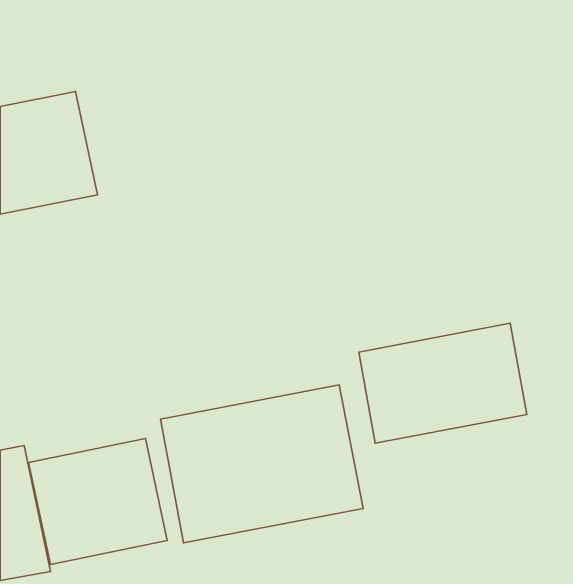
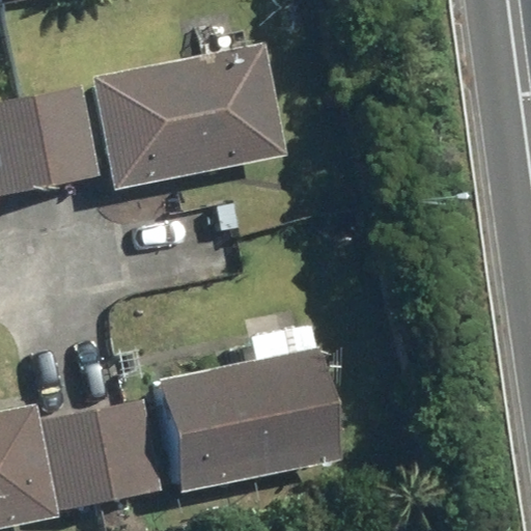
building: none -> [90,45,284,189]
building: [359,323,527,443] -> none

